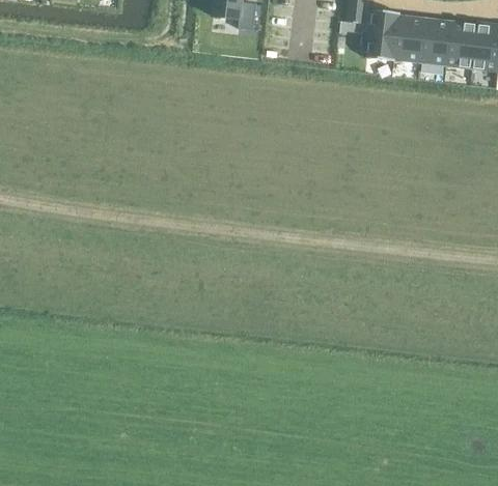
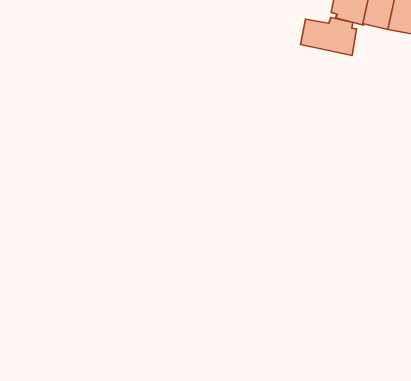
building: none -> [301,18,356,55]

